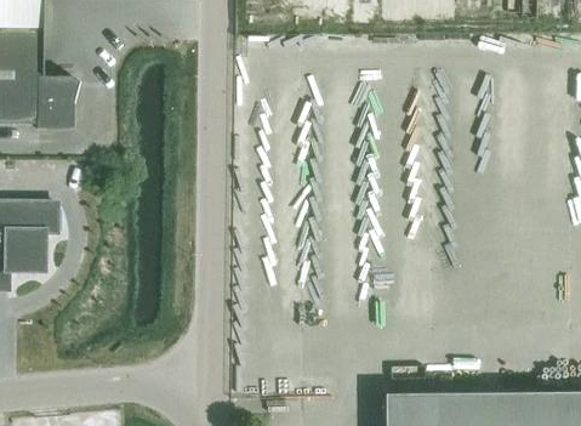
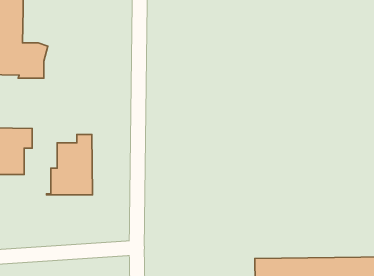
building: none -> [47,134,92,195]

